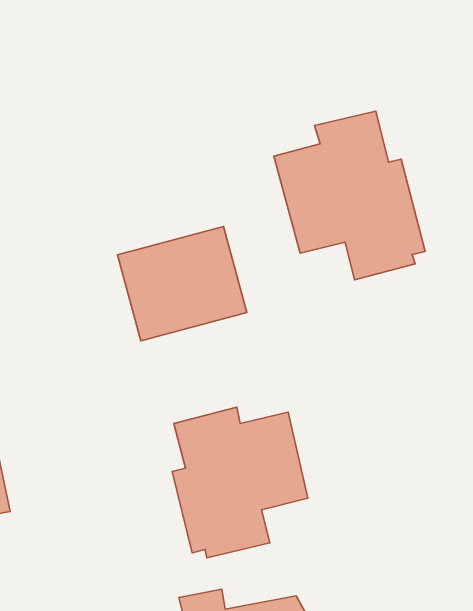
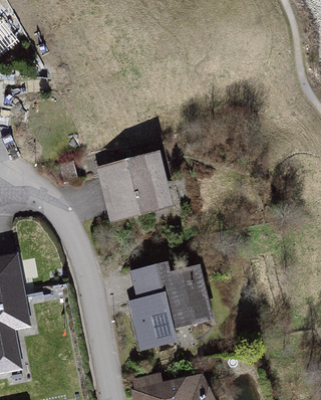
building: [274,111,425,280] -> none

